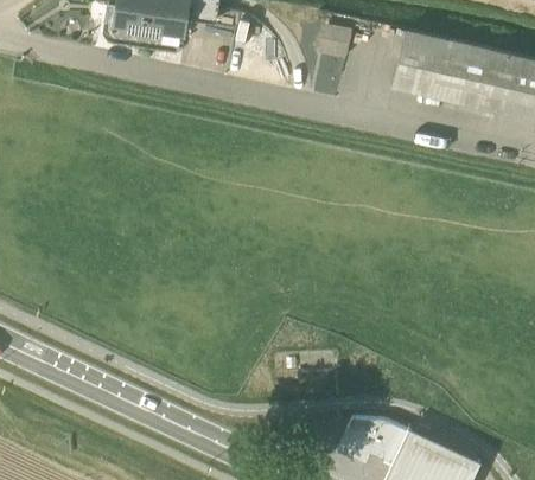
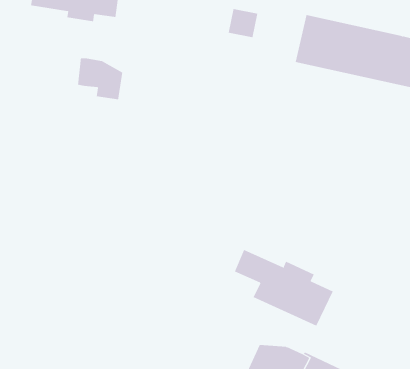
building: none -> [77,58,123,100]
building: none -> [234,249,333,327]

